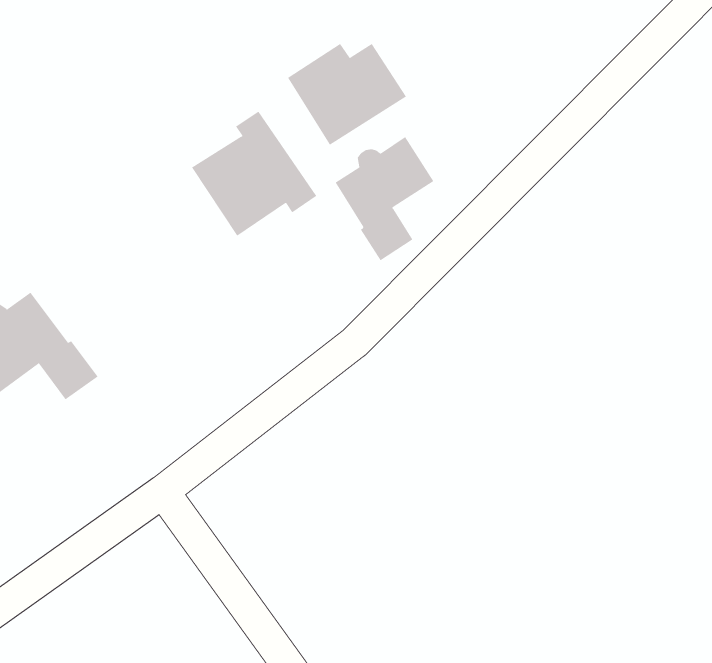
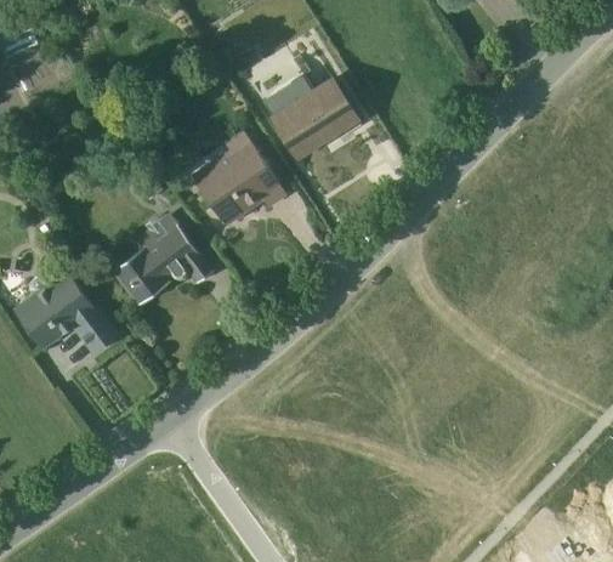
building: [335,136,434,261] -> none
building: none -> [112,214,214,307]

